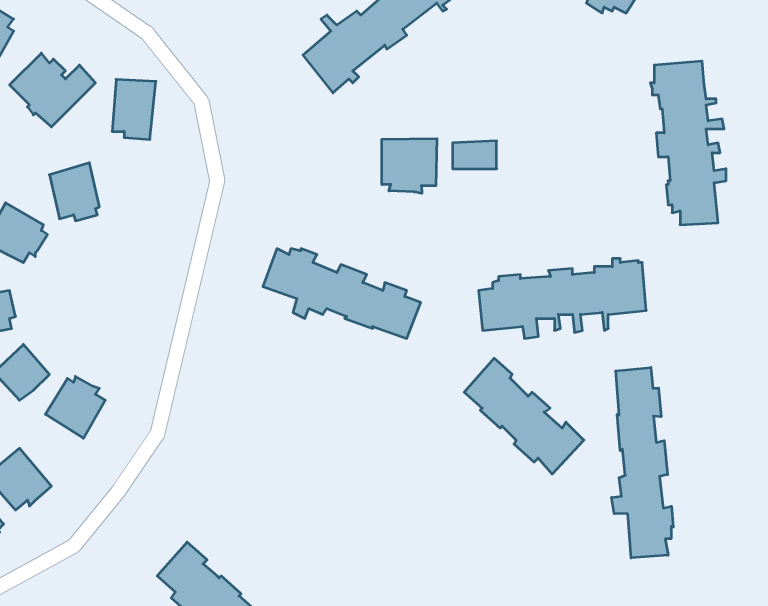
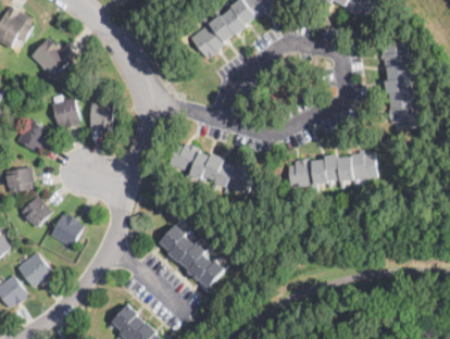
building: [112,79,156,139] -> [90,99,114,131]
building: [382,139,437,193] -> none
building: [464,358,584,474] -> [159,224,224,287]
building: [612,367,673,558] -> none

